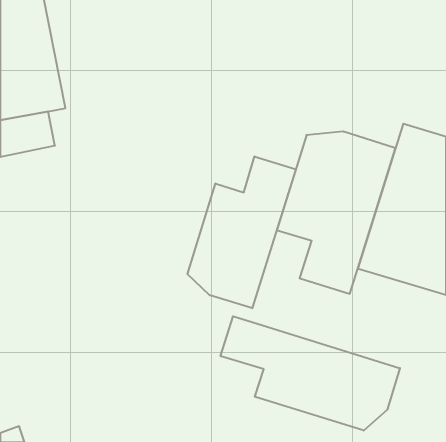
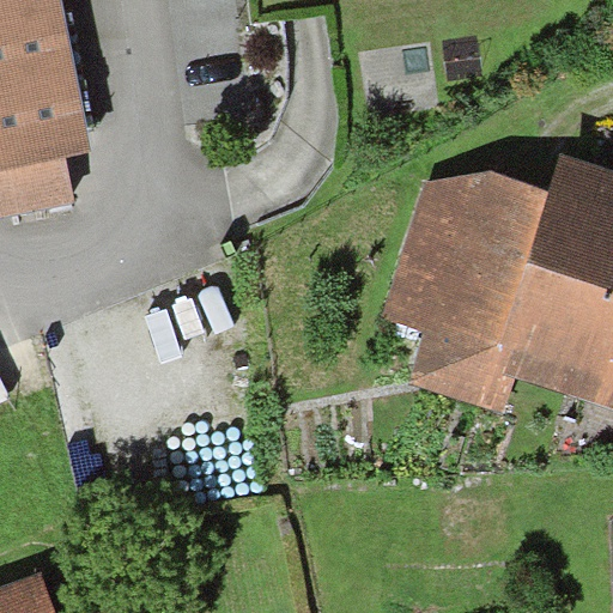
building: [187,156,296,308] -> none
building: [221,316,400,431] -> none

